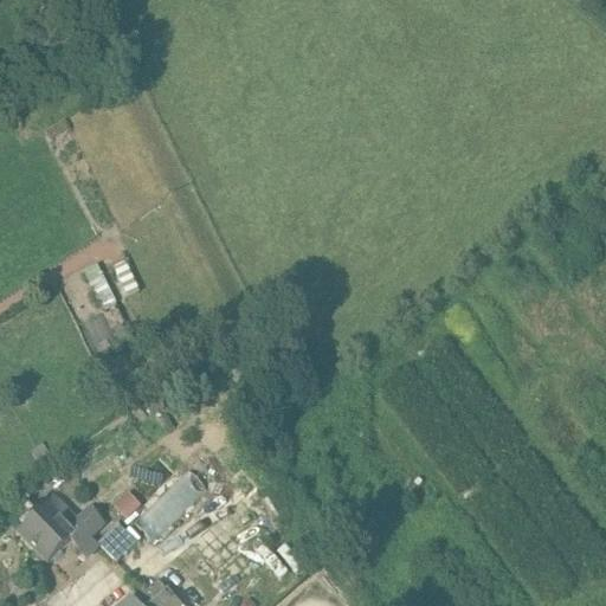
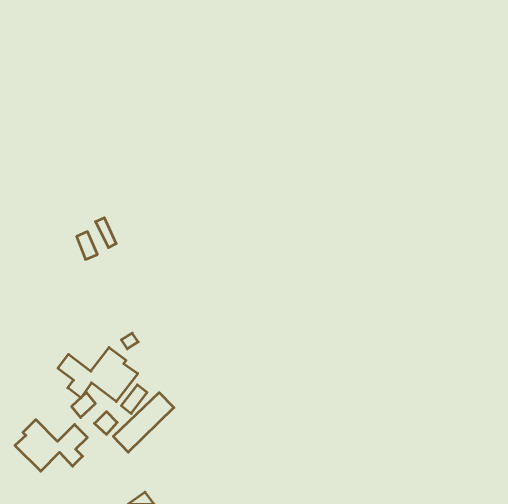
building: none -> [58,347,138,402]
building: [99,522,137,561] -> none

